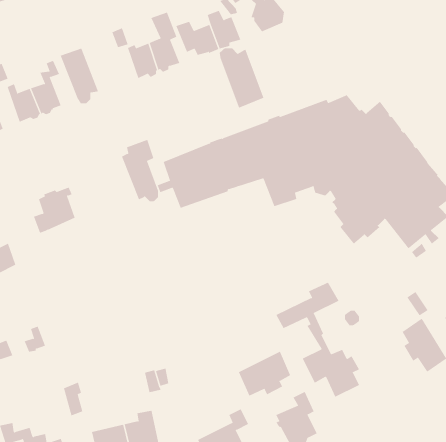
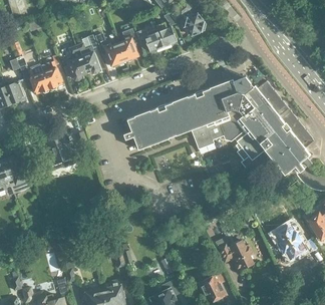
building: [219,48,264,109] -> none
building: [121,139,159,202] -> [74,35,98,75]
building: [238,351,291,396] -> none

